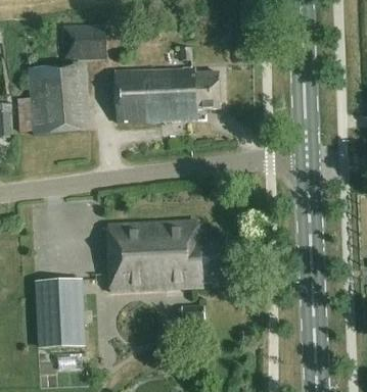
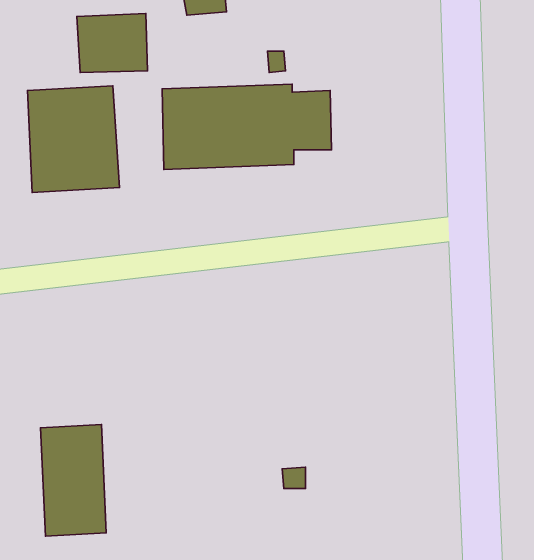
building: [107,220,227,291] -> none

